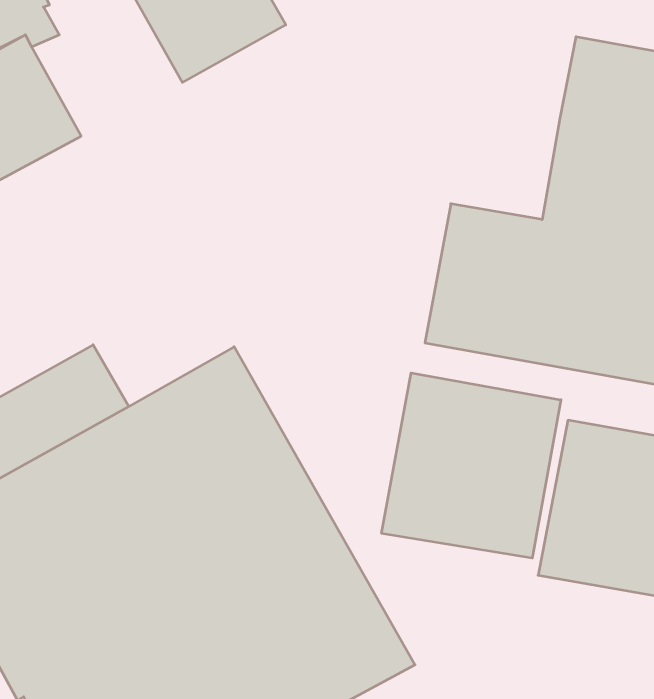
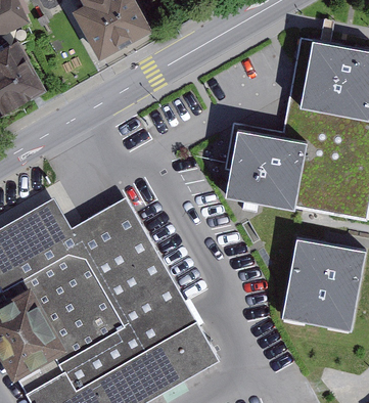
building: [382,373,561,558] -> none

